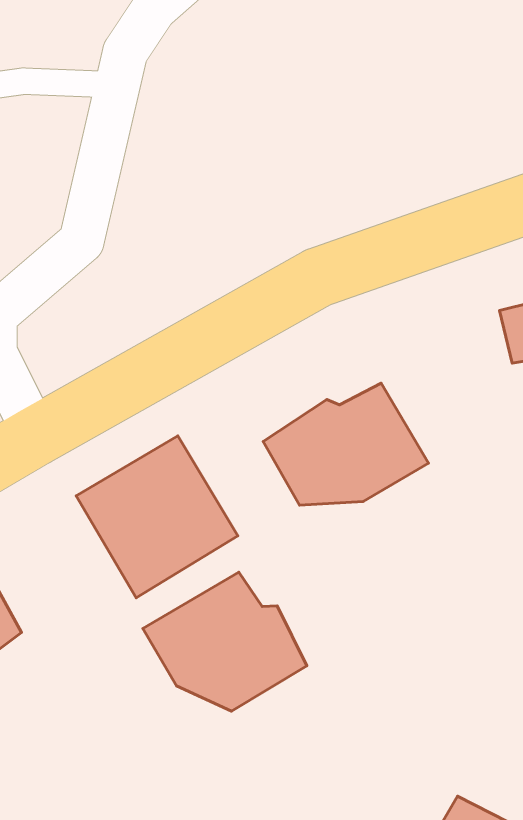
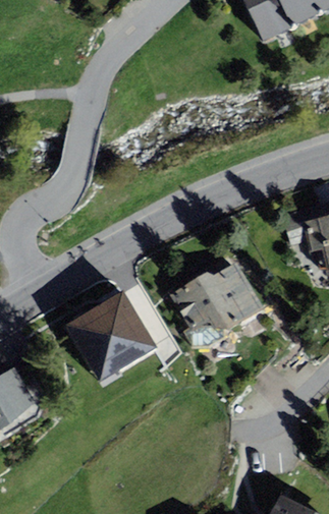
building: [143,572,307,711] -> none

